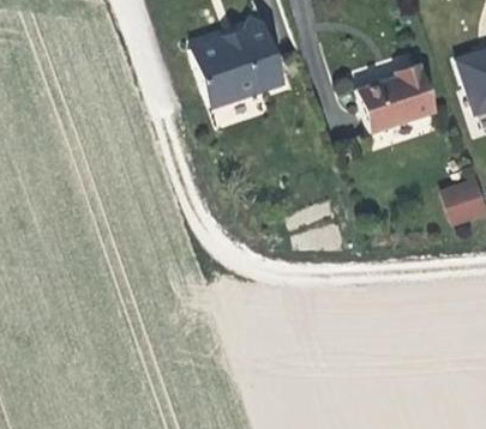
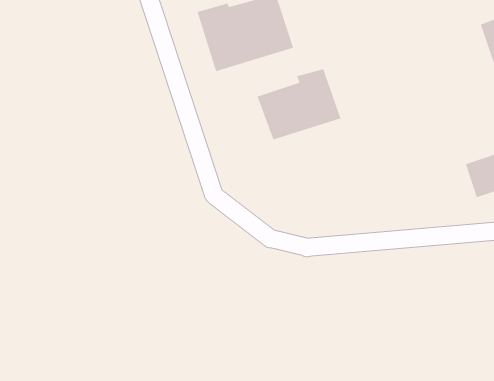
building: [356,62,437,131] -> [256,68,342,141]

